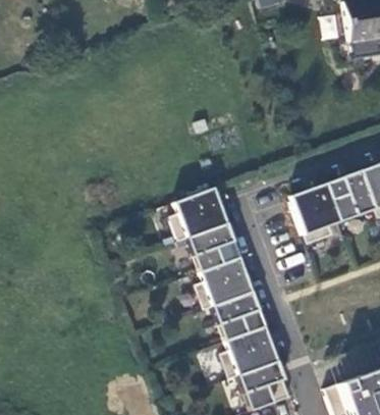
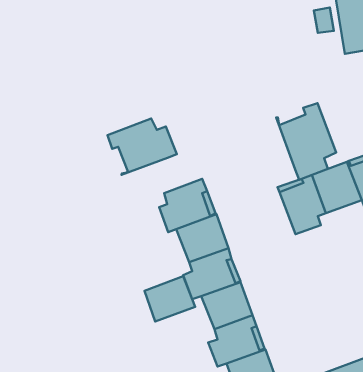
building: none -> [276,103,336,180]
building: none -> [108,118,177,175]
building: none -> [145,276,195,321]

